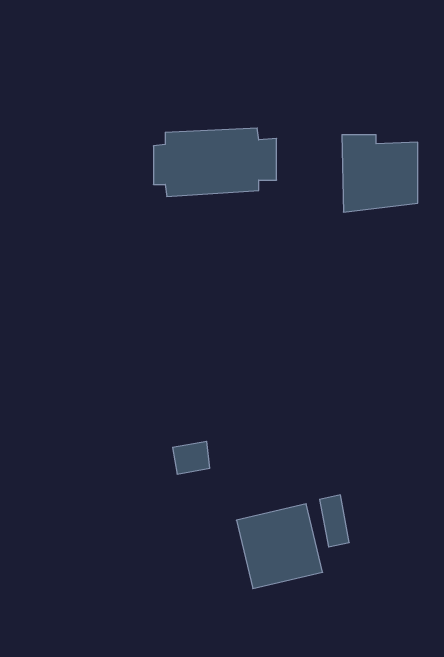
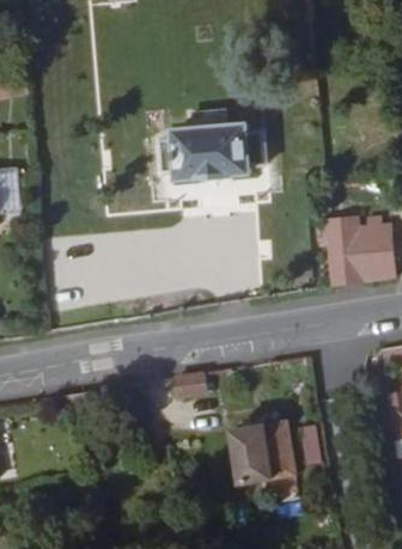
building: [342,135,418,212] -> [323,225,384,287]

